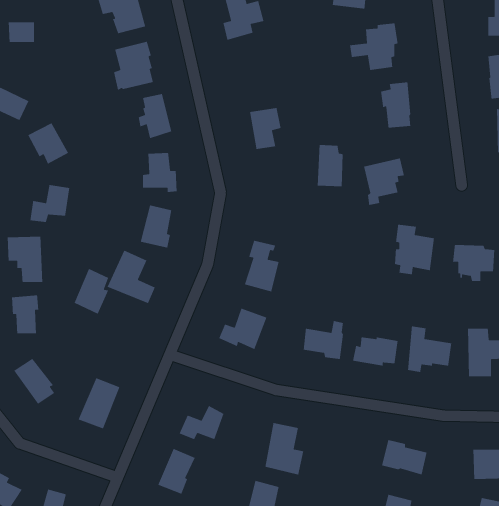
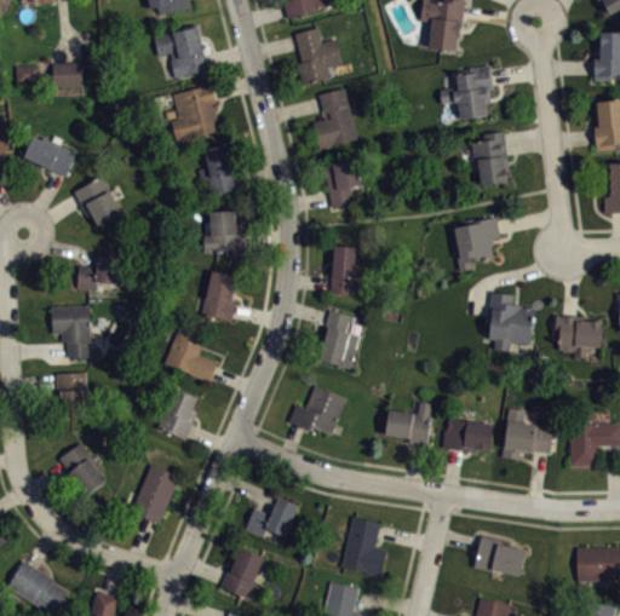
building: none -> [312,88,357,150]
building: [317,144,344,187] -> [331,247,361,295]
building: [74,268,109,315] -> [157,387,197,441]

